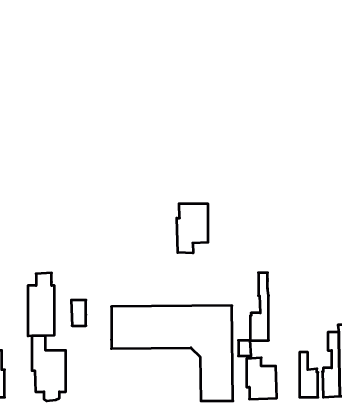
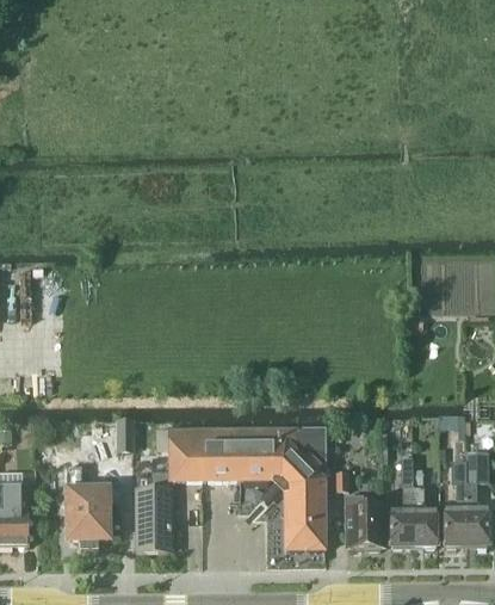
building: [177,204,208,253] -> none
building: [250,273,269,340] -> [390,457,414,545]
building: [28,273,54,336] -> [137,470,172,552]

